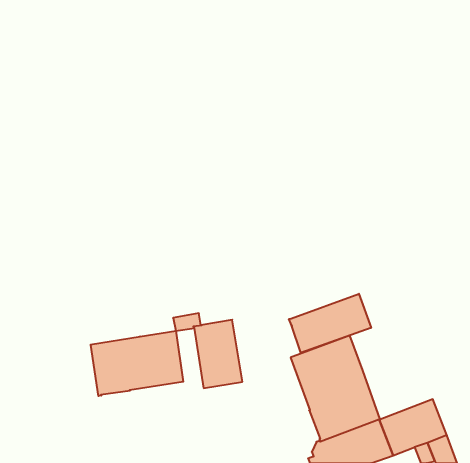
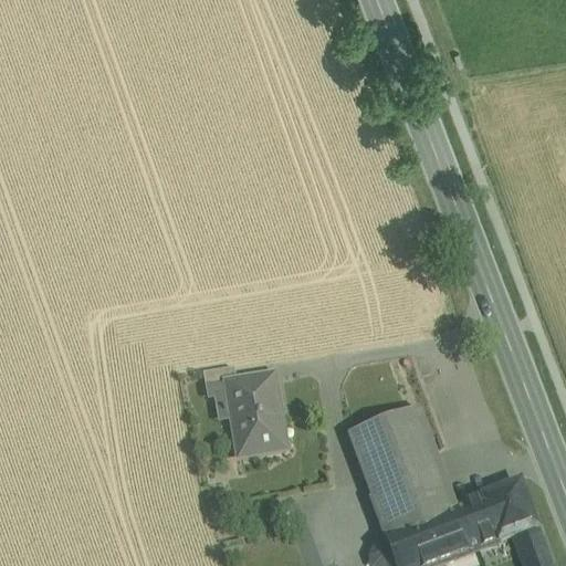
building: [289,294,371,353] -> none
building: [91,331,183,396] -> none

